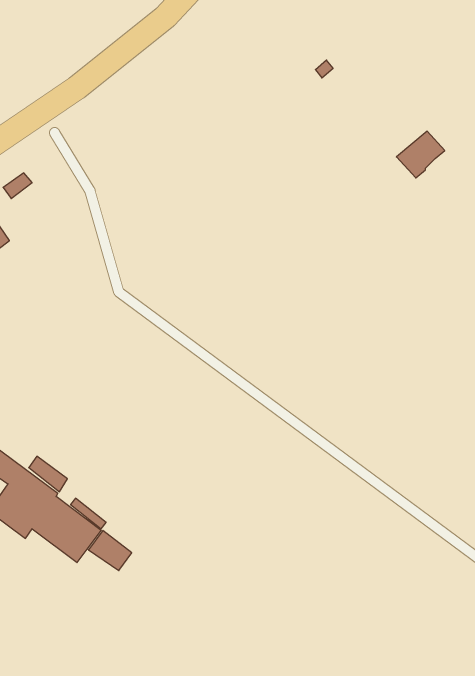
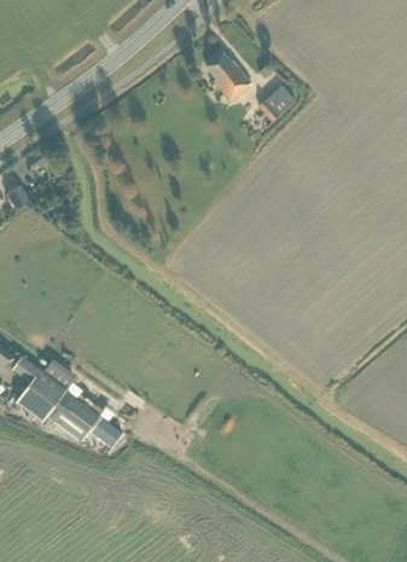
building: none -> [207,52,252,100]
building: [396,131,445,178] -> [258,87,295,122]

